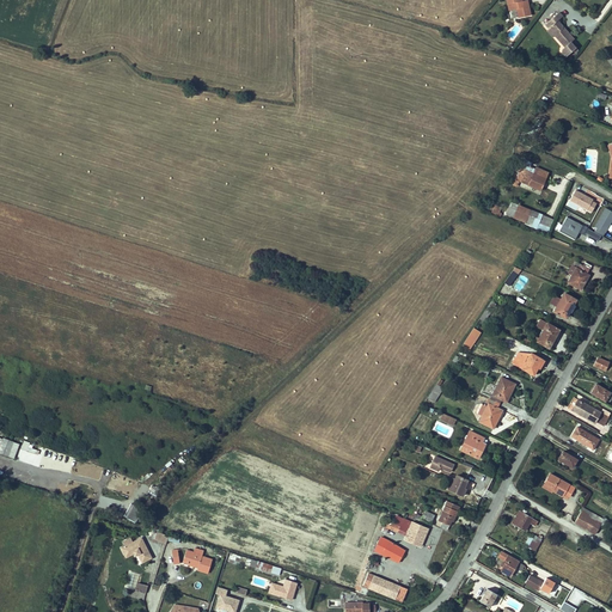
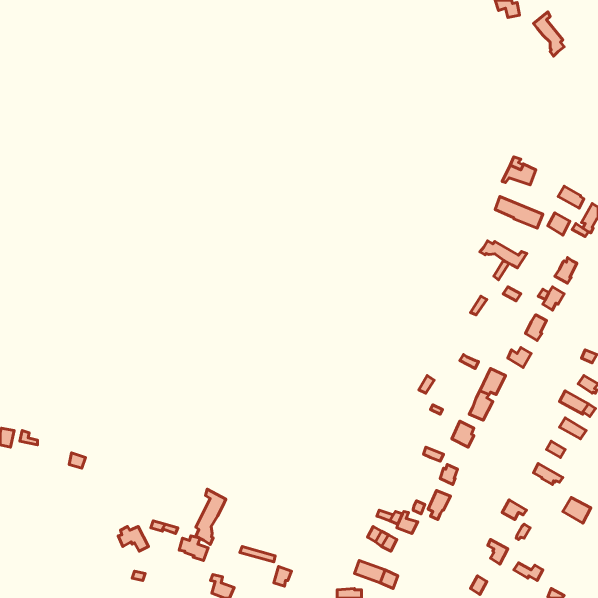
building: none -> [480,241,527,268]
building: none -> [196,489,226,544]

